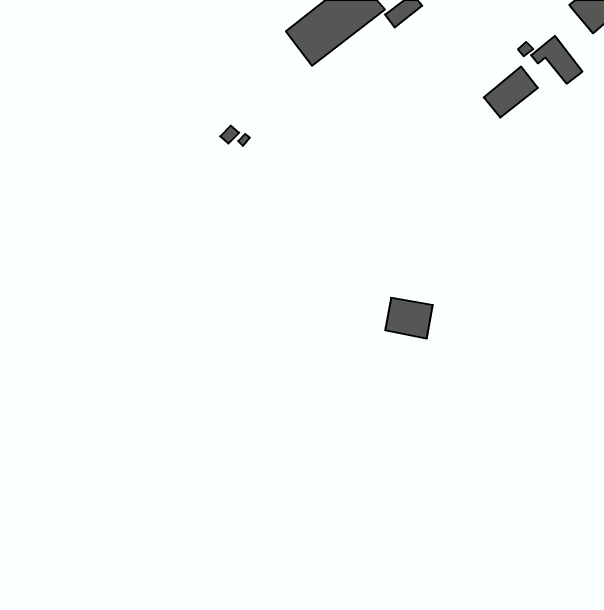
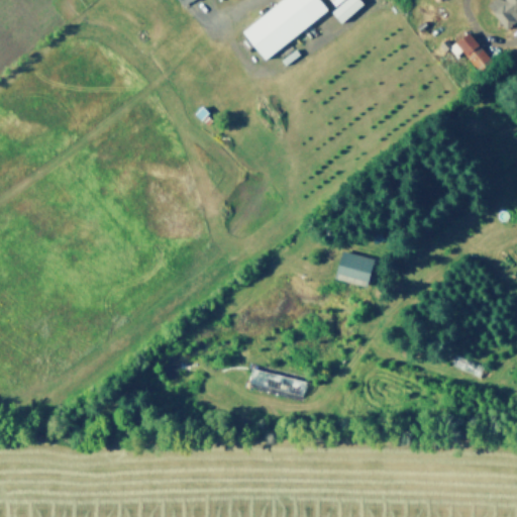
building: [484,67,538,118] -> none
building: none -> [251,371,311,397]

